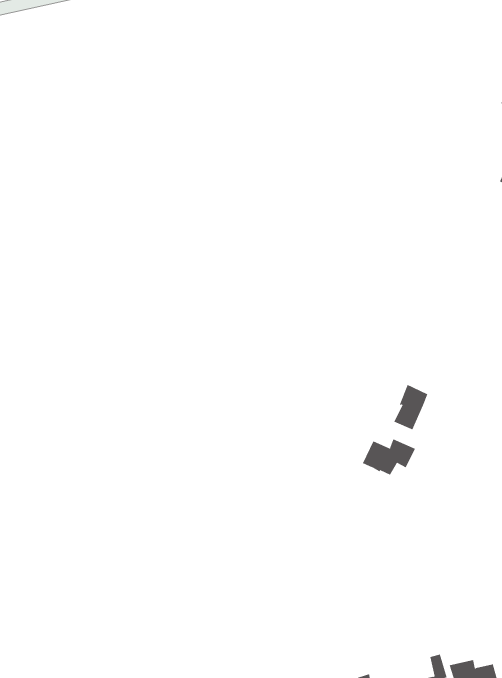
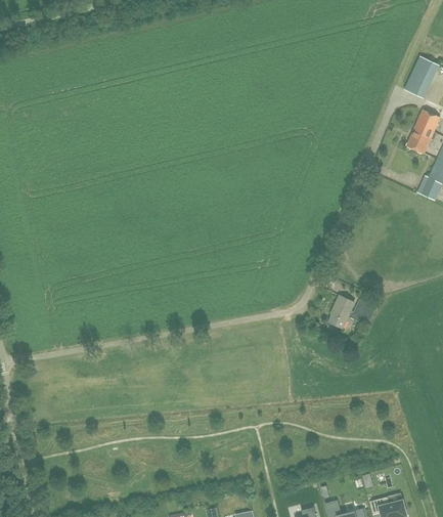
building: [362,439,416,476] -> none

